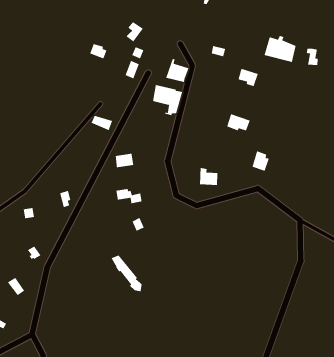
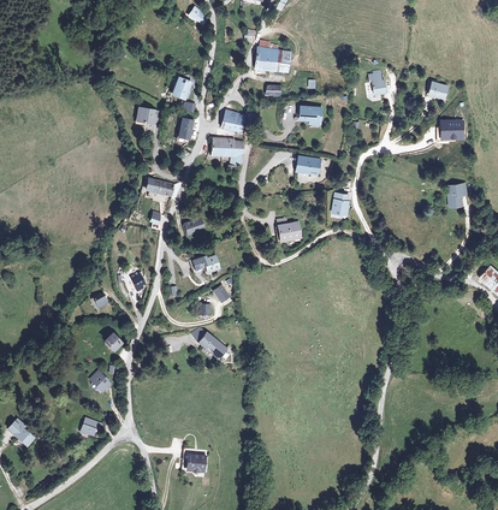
building: [264,35,297,63] -> [257,46,291,73]

